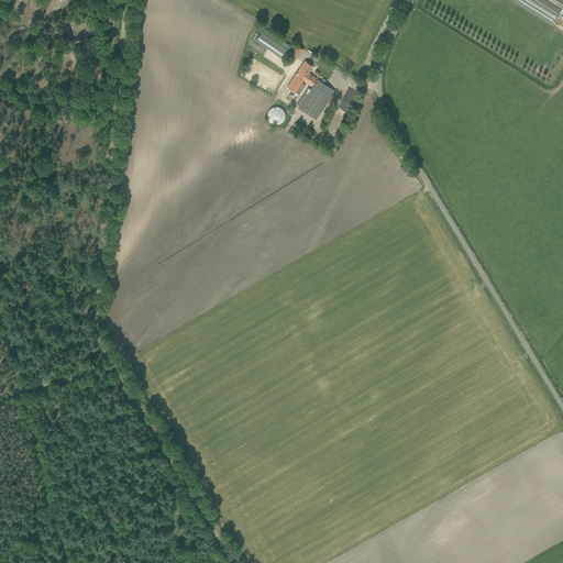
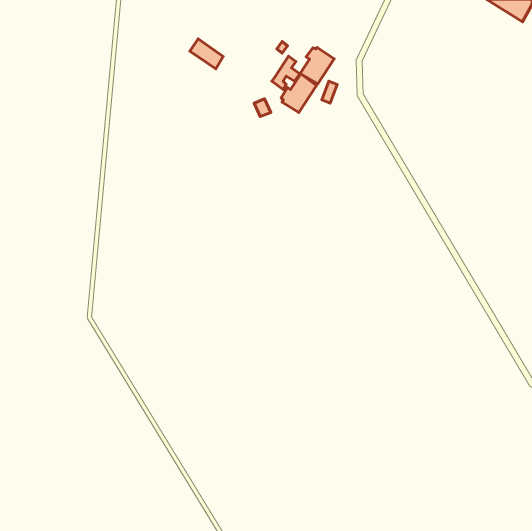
building: [255,26,290,58] -> [190,39,223,69]
building: none -> [300,47,334,84]

